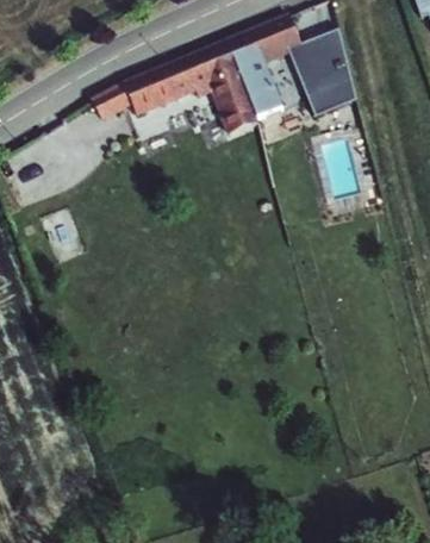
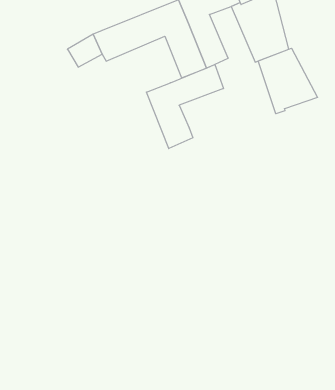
building: none -> [258,48,318,114]
building: none -> [146,65,223,149]

